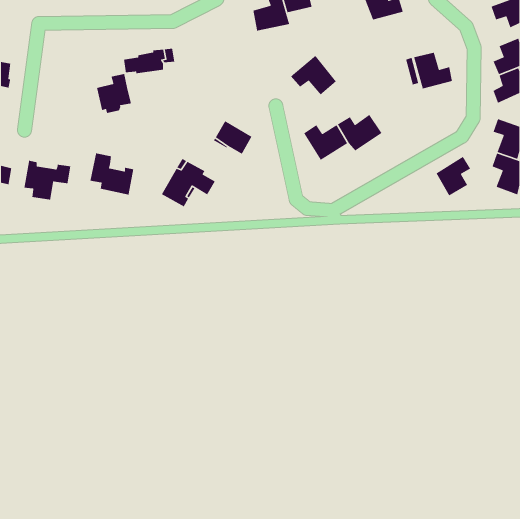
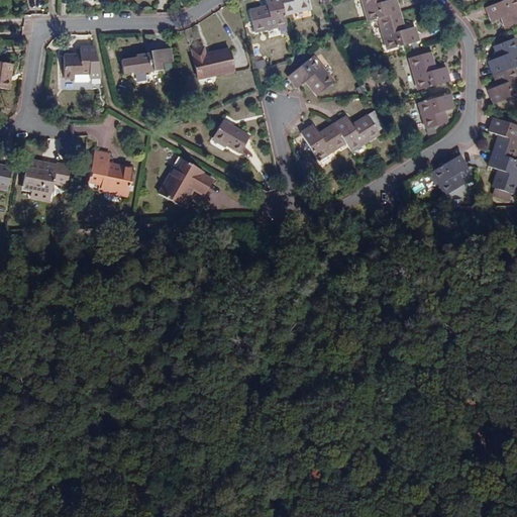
building: none -> [379,12,419,49]
building: none -> [192,45,235,79]
building: [96,73,132,114] -> [67,45,102,86]
building: none -> [419,93,454,128]

